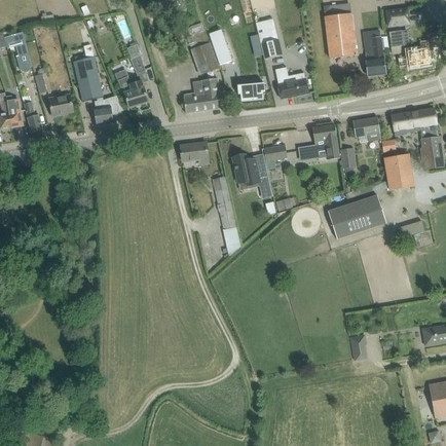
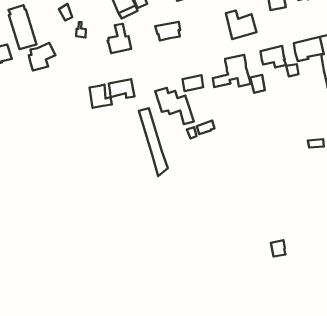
building: [274,67,307,99] -> [226,11,256,39]
building: [119,74,147,108] -> none
building: [200,77,220,109] -> none
building: none -> [89,84,112,108]
building: [383,154,413,190] -> none
building: [327,194,385,239] -> none

